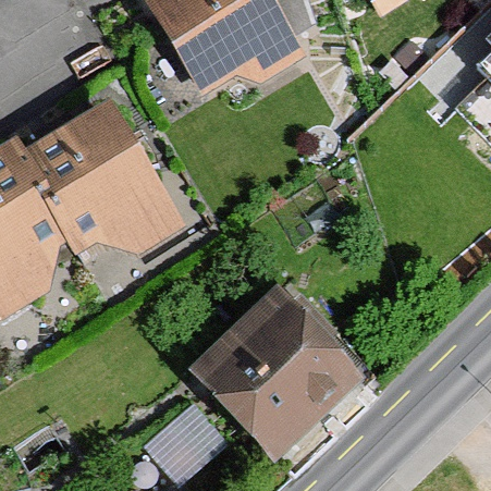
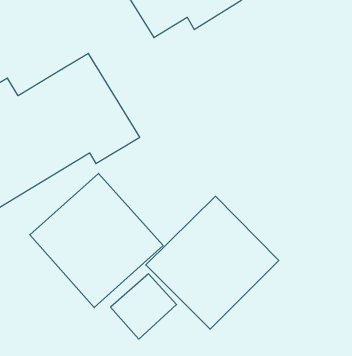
building: none -> [30,173,163,308]

